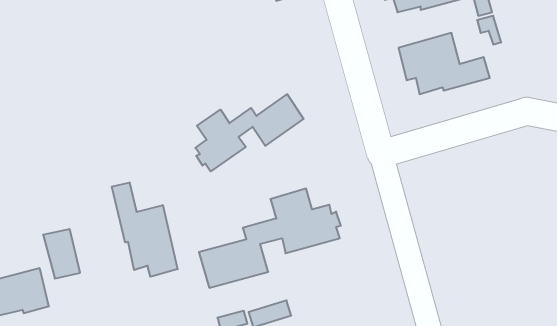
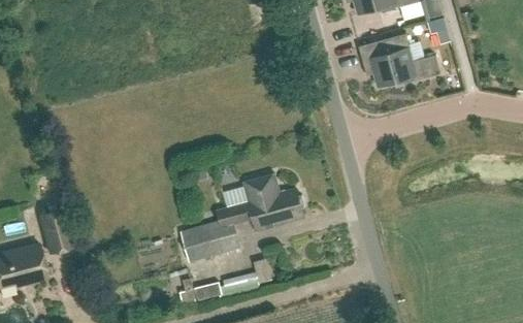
building: [195,94,304,171] -> none
building: [112,182,178,277] -> none

